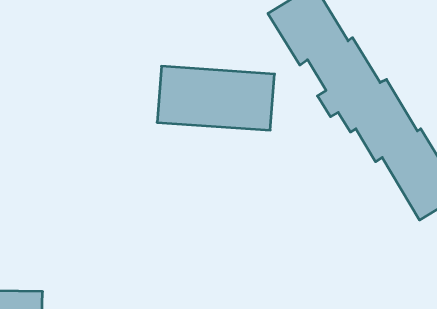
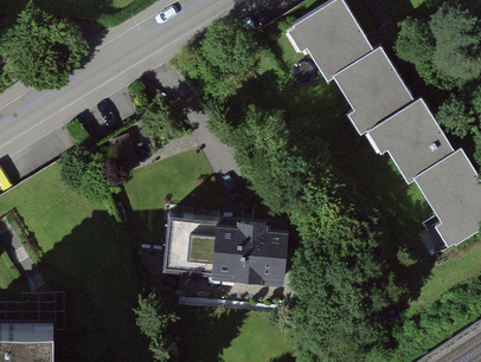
building: [157,66,275,130] -> [160,215,287,284]

